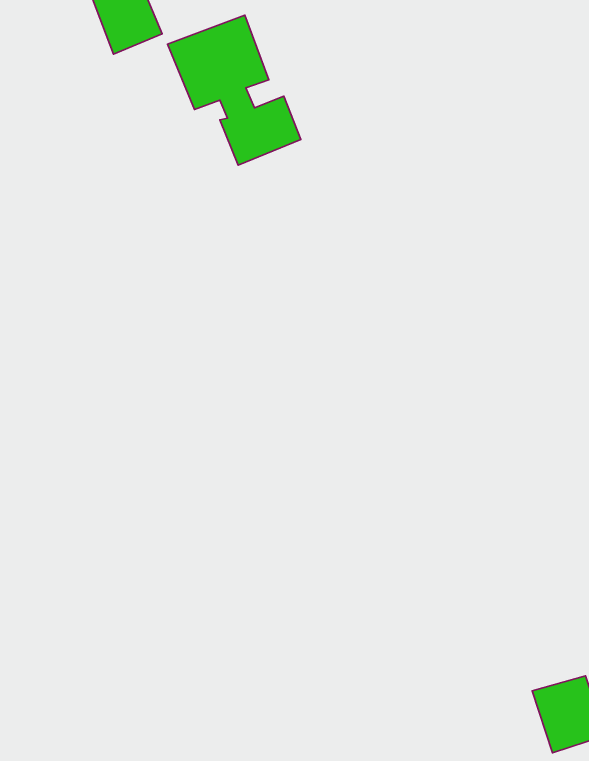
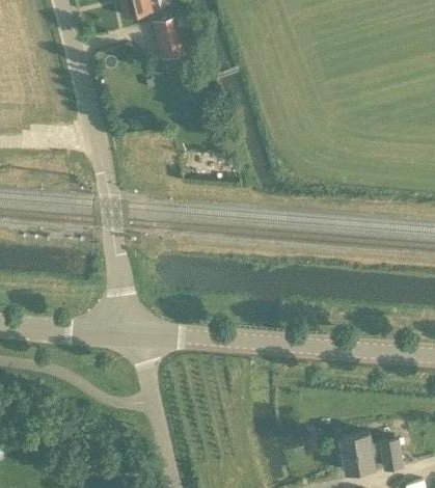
building: [167,15,301,165] -> none

